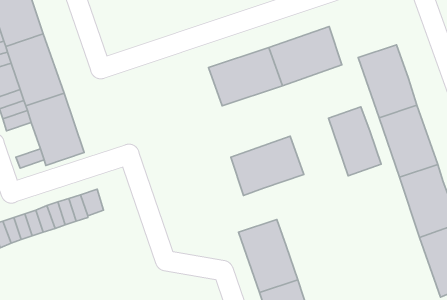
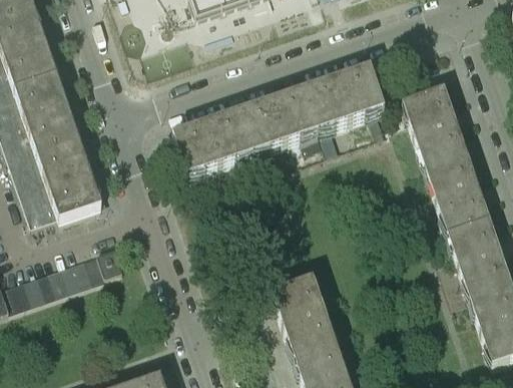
building: [328,107,381,176] -> none
building: none -> [16,170,53,209]
building: [231,136,304,195] -> [172,110,252,175]

